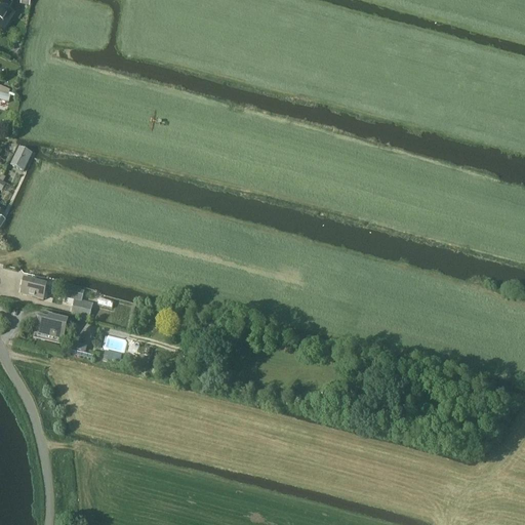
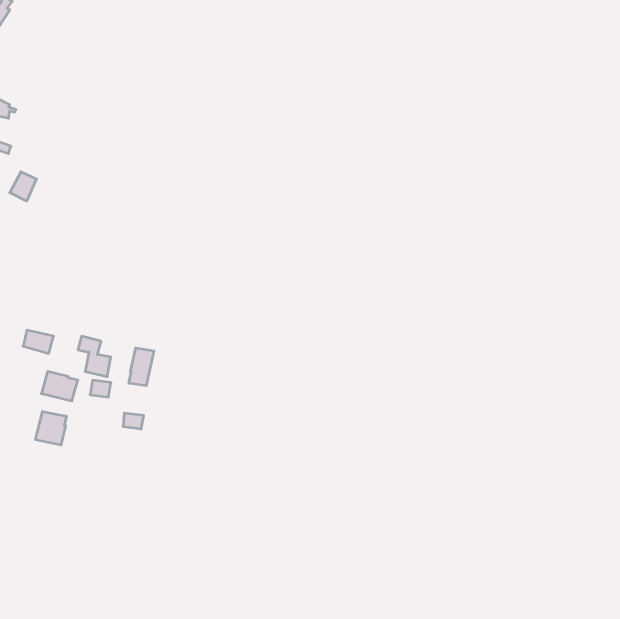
building: none -> [129,348,154,386]
building: none -> [36,411,66,445]

